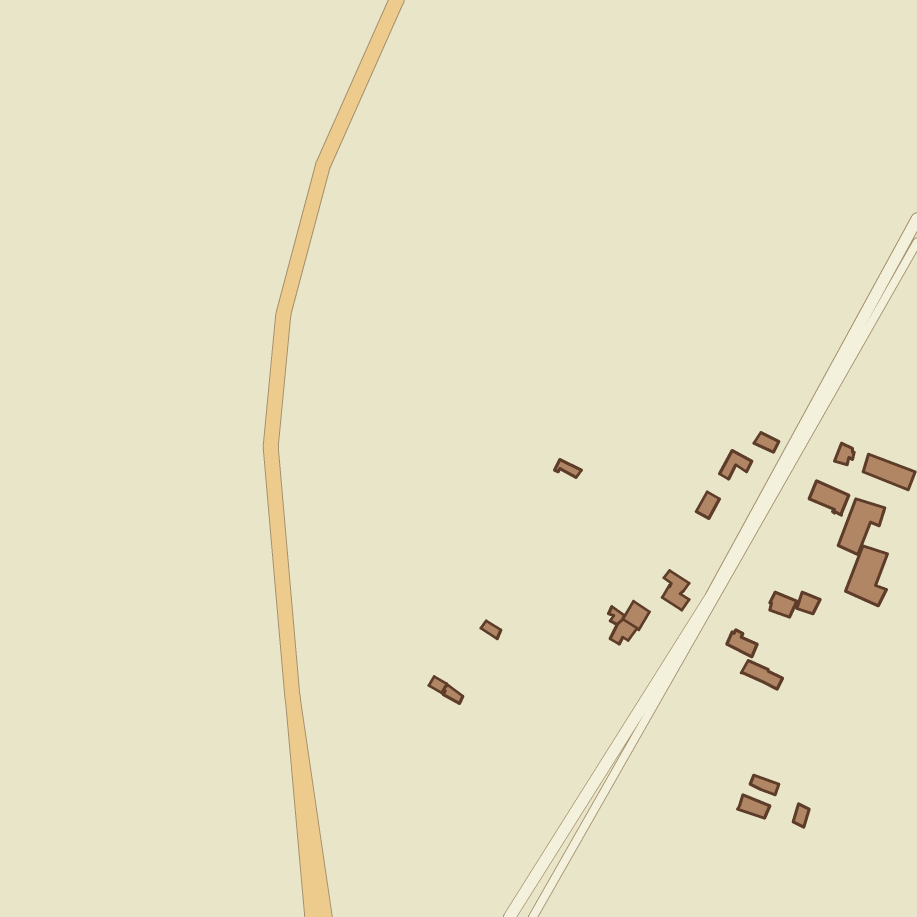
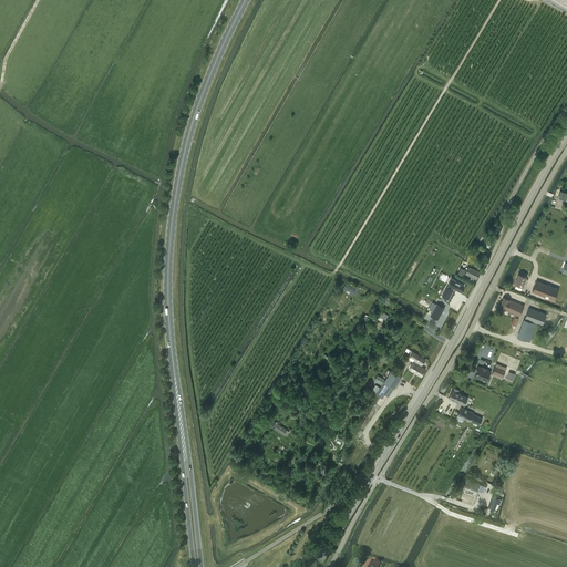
building: [845,546,888,606] -> none

